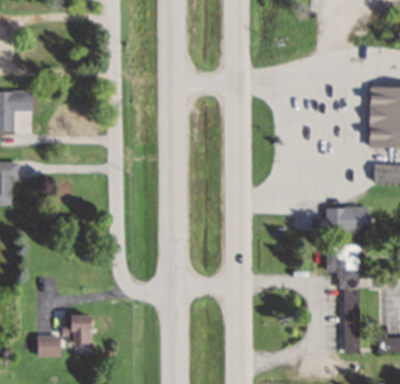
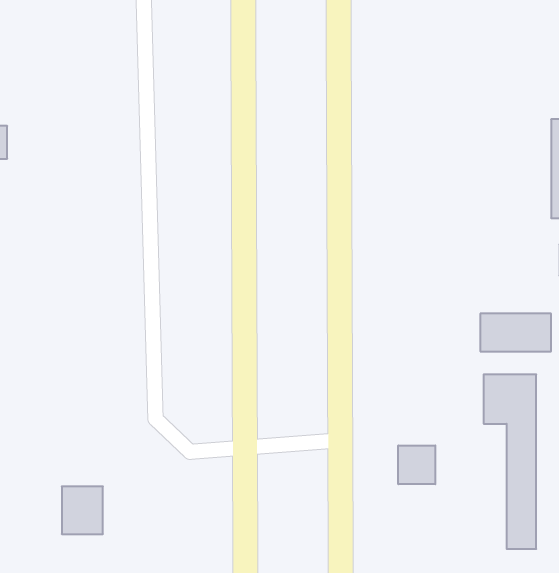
building: none -> [398,445,435,484]
building: [38,336,60,358] -> none

